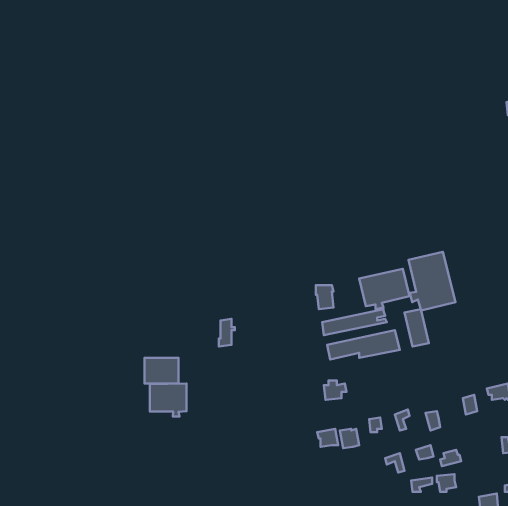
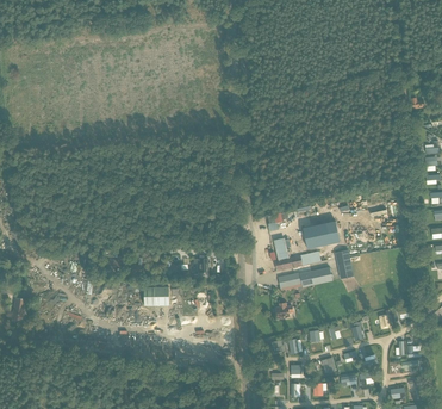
building: [409,252,455,310] -> none
building: [150,384,187,417] -> none

